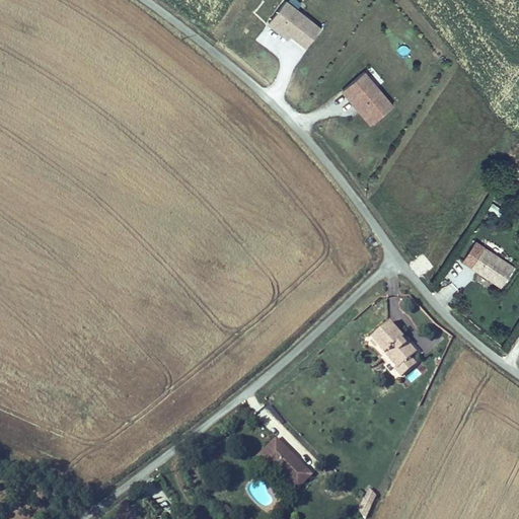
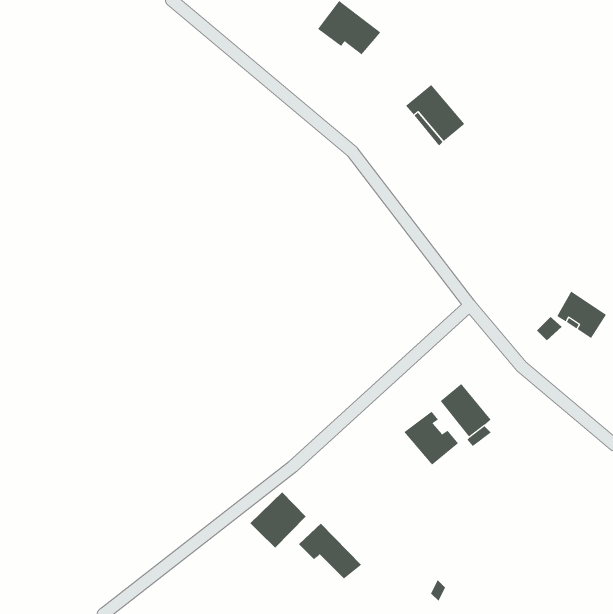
building: none -> [404,411,459,465]
building: none -> [250,492,306,548]

